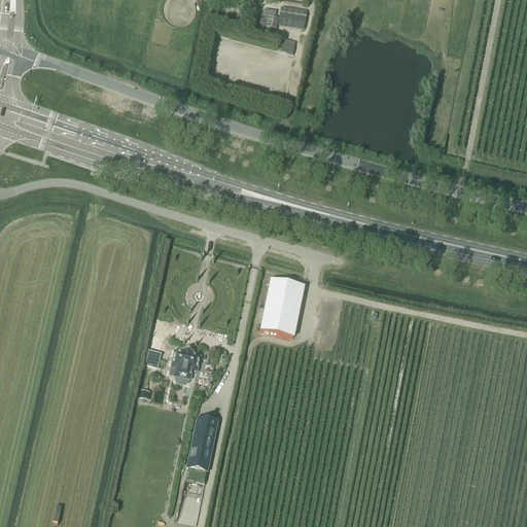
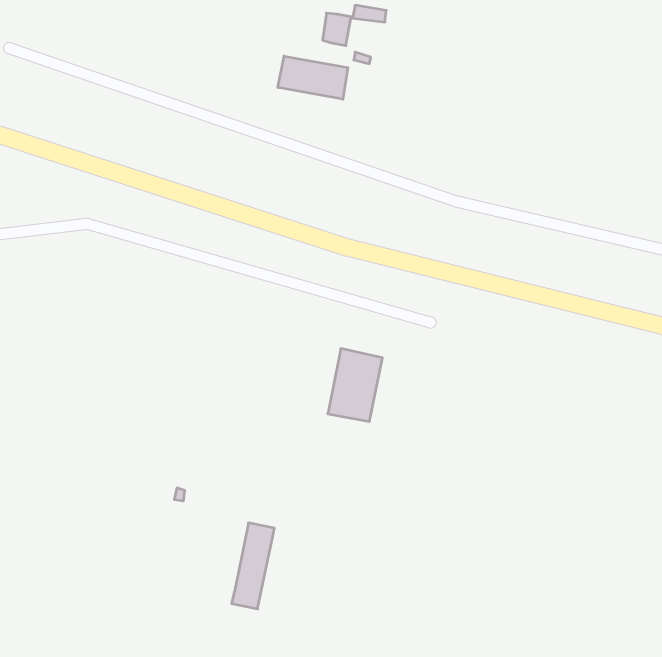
building: none -> [278,56,348,99]
building: [171,346,201,380] -> none

